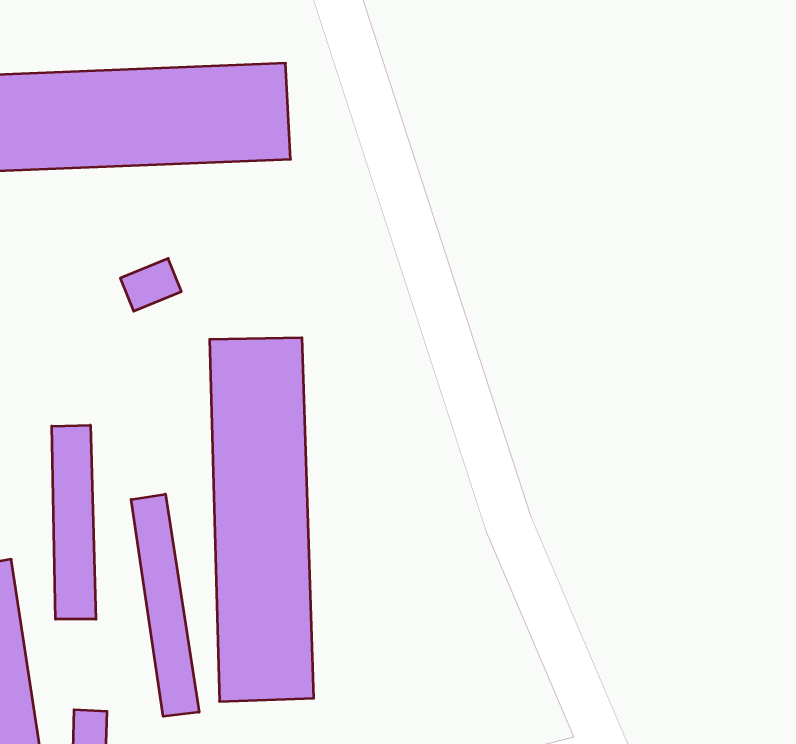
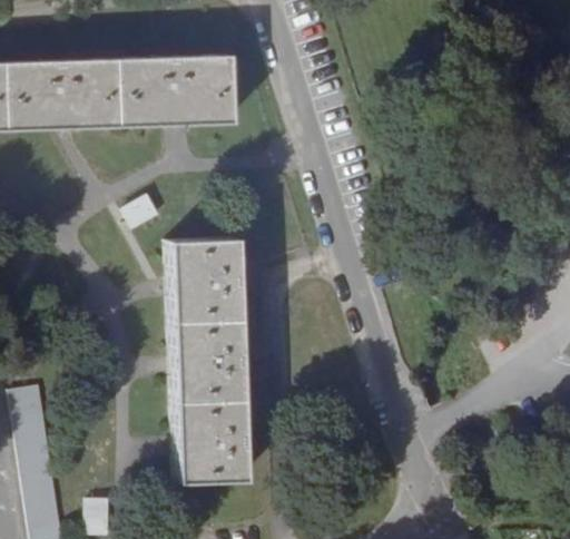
building: [52,425,96,619] -> none
building: [131,494,199,716] -> none

